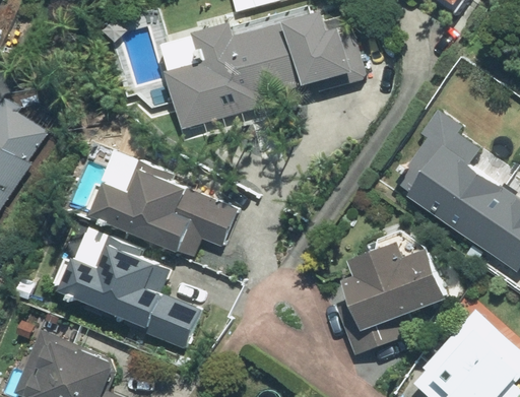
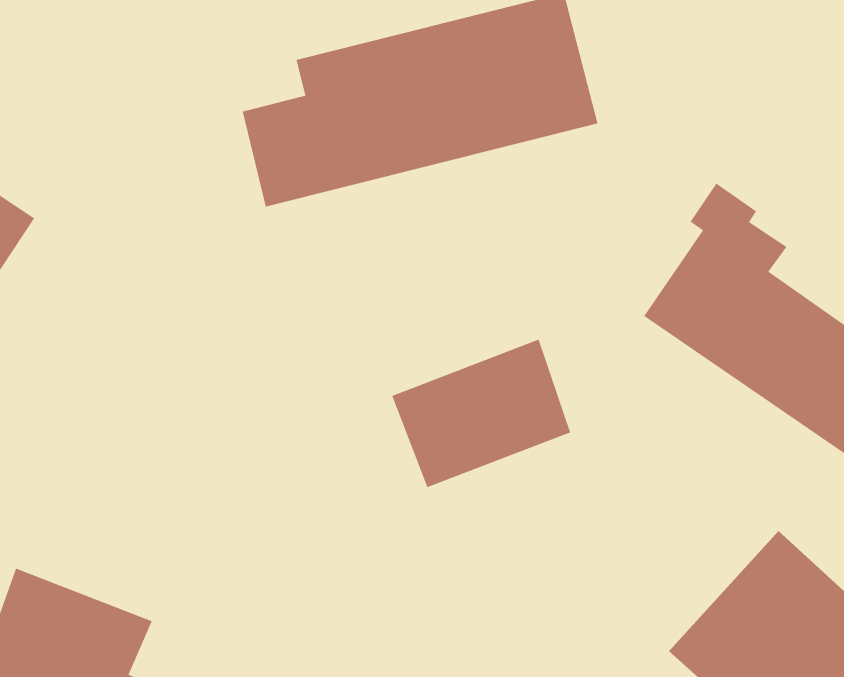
building: [90,168,237,267] -> none
building: [59,238,198,344] -> none
building: [341,246,444,331] -> [391,338,571,488]

